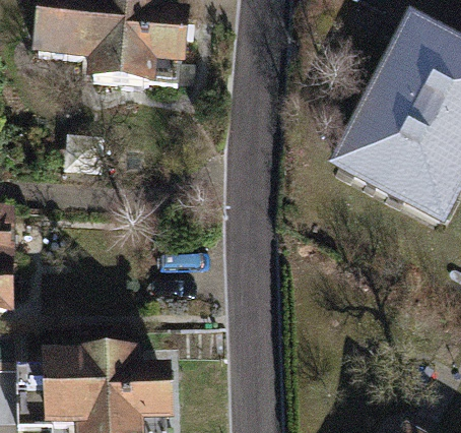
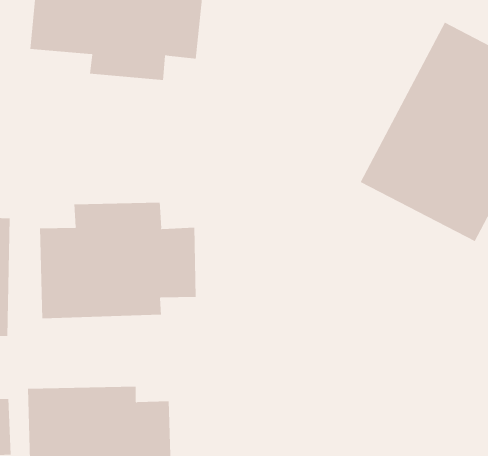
building: none -> [39,202,196,319]

